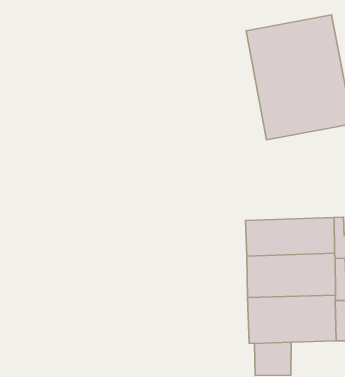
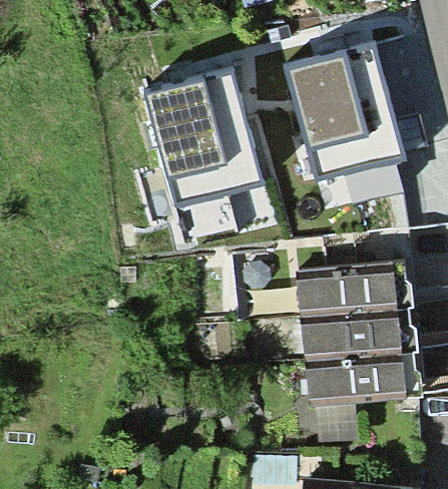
building: none -> [141,67,264,209]

